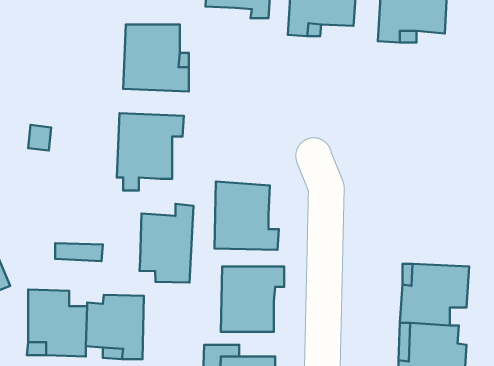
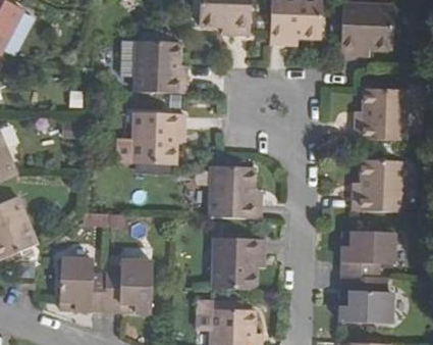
building: none -> [356,87,407,140]
building: none -> [357,159,410,214]
building: [139,204,193,282] -> none

